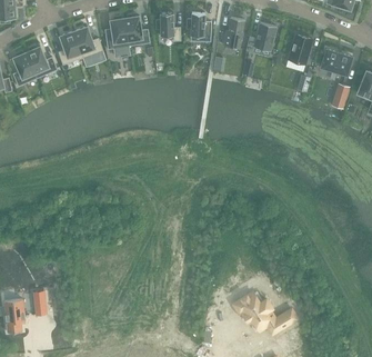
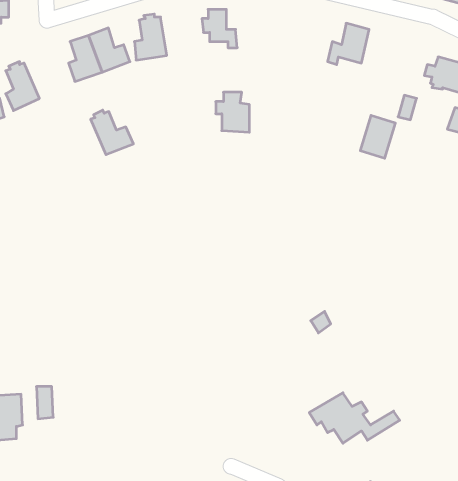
building: [187,12,211,41] -> [216,92,249,132]
building: [125,13,151,46] -> none
building: [223,17,244,48] -> none
building: [288,33,313,65] -> [360,115,395,158]
building: [27,44,58,77] -> [91,110,133,155]

